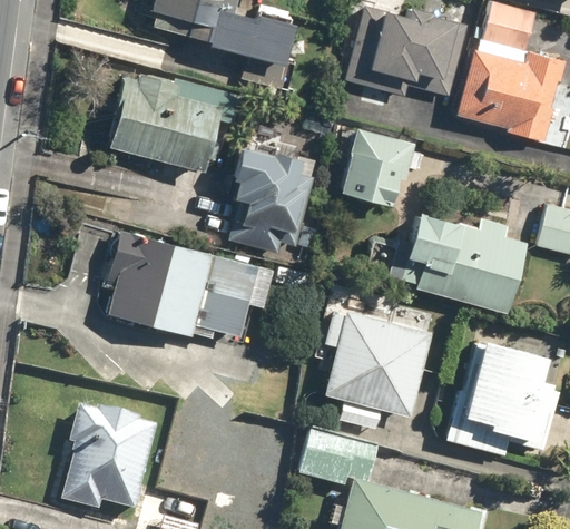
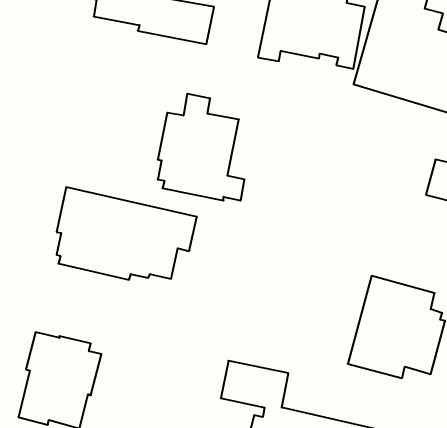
building: [109,71,238,172] -> none
building: [341,128,421,209] -> none
building: [383,208,530,314] -> none
building: [322,306,436,429] -> none

